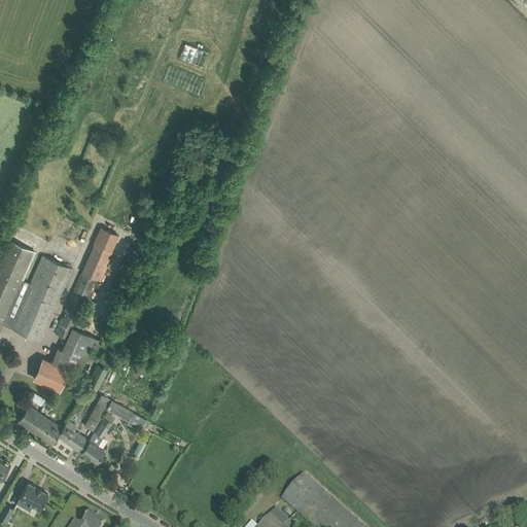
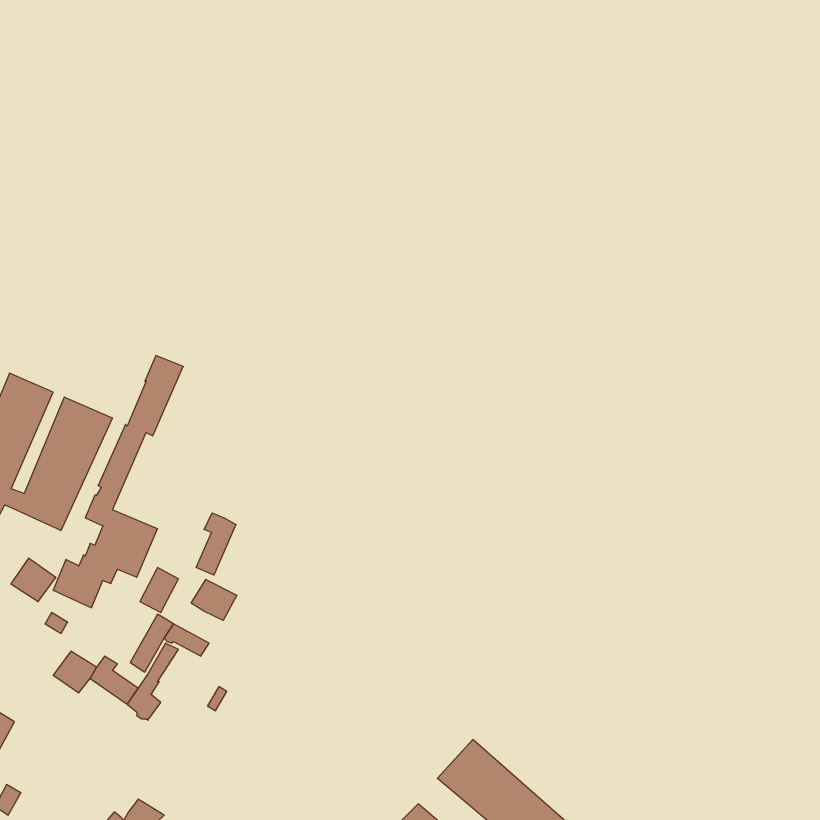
building: none -> [196,513,236,575]
building: none -> [191,579,237,620]
building: [16,406,45,433] -> [11,558,56,602]
building: [15,483,47,511] -> none

